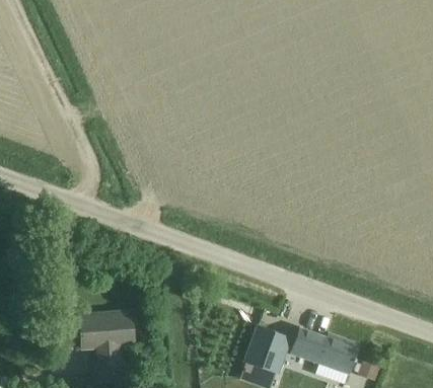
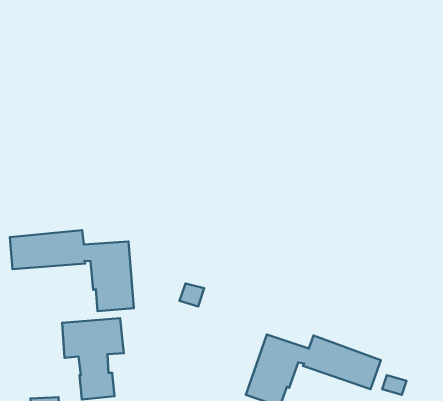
building: none -> [10,230,134,311]

